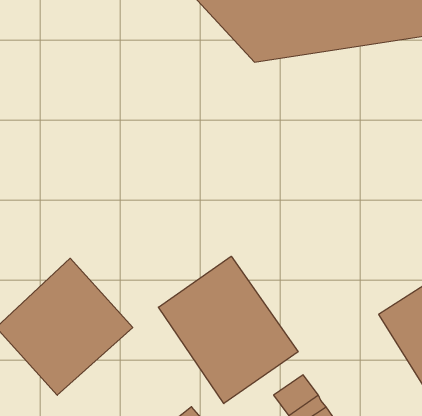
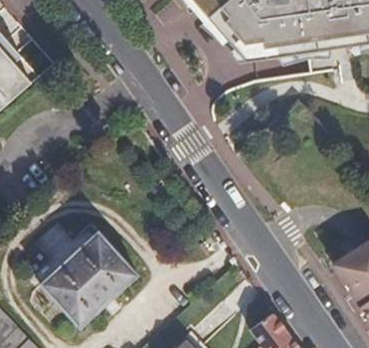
building: [158,256,298,404] -> none

